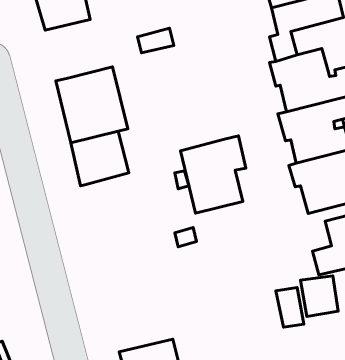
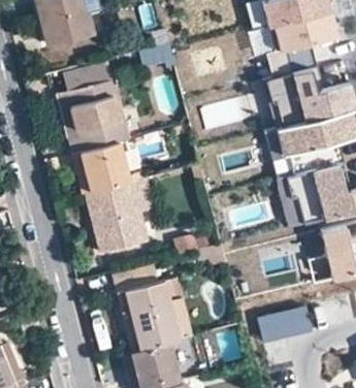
building: none -> [64,62,114,95]
building: [180,136,246,213] -> [87,183,150,257]
building: none -> [114,265,191,355]

